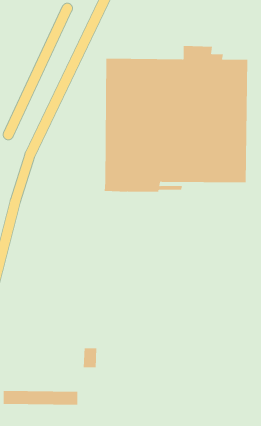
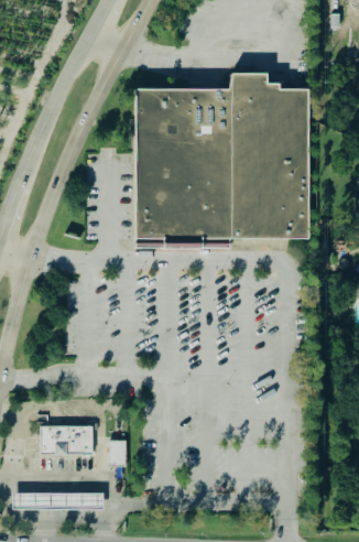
building: none -> [40,425,91,454]

